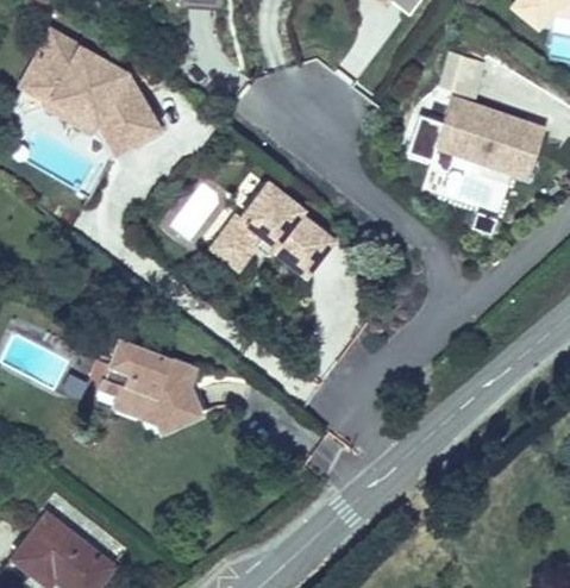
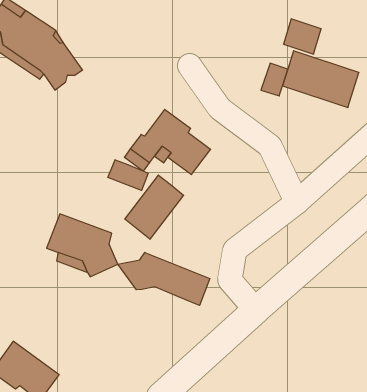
building: none -> [108,160,148,190]
building: none -> [125,175,184,239]
building: none -> [118,252,210,305]

